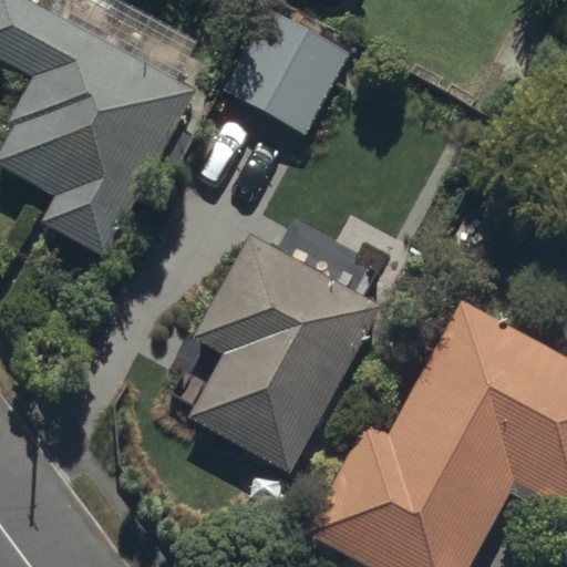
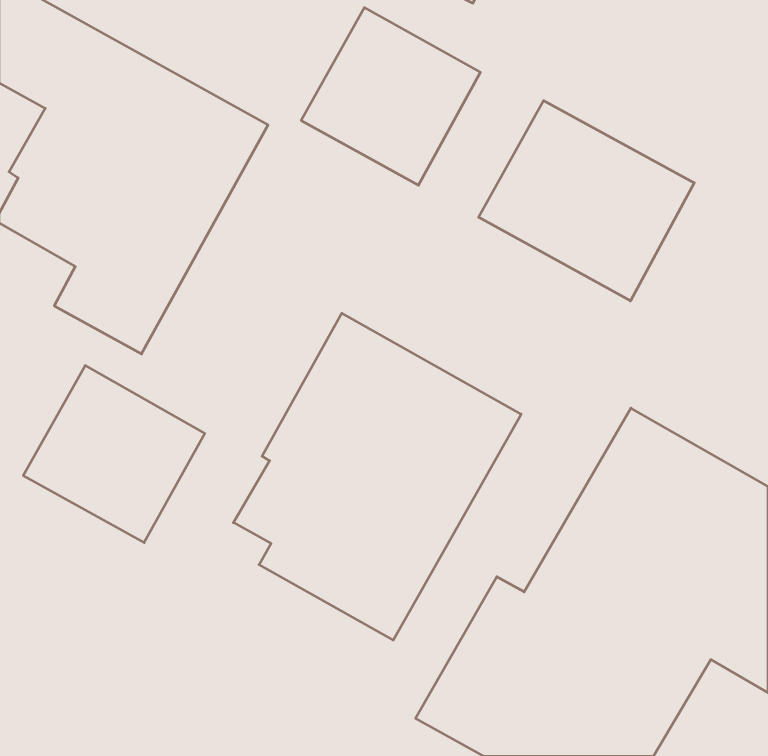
building: none -> [479,101,694,301]
building: none -> [23,366,205,543]

